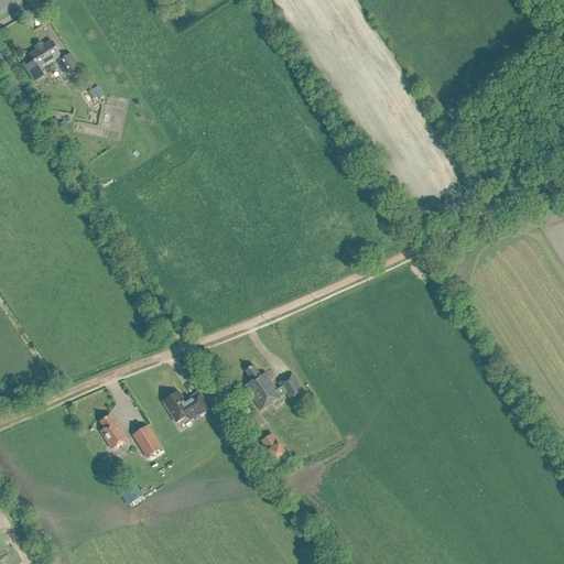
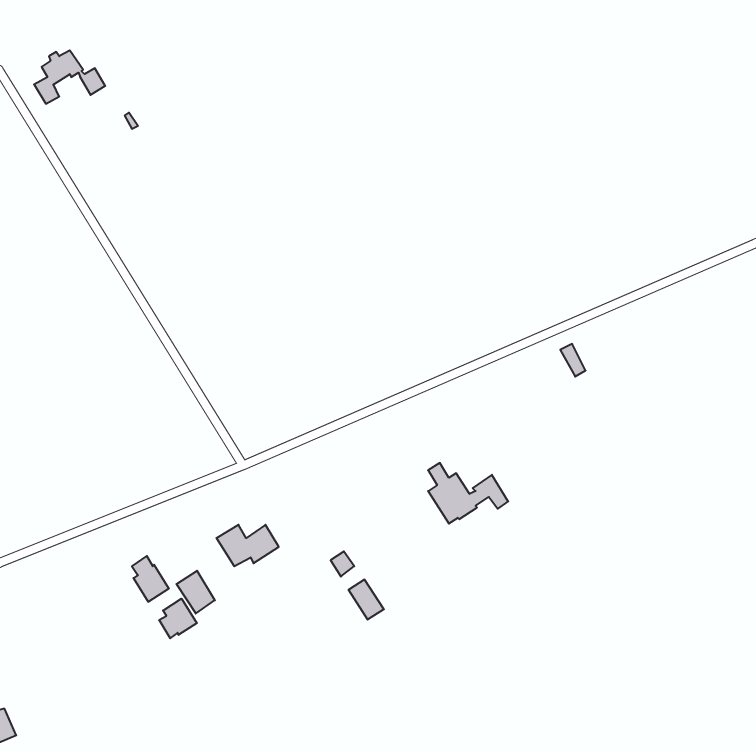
building: [243,364,303,409] -> [428,463,508,524]
building: none -> [159,599,197,638]

